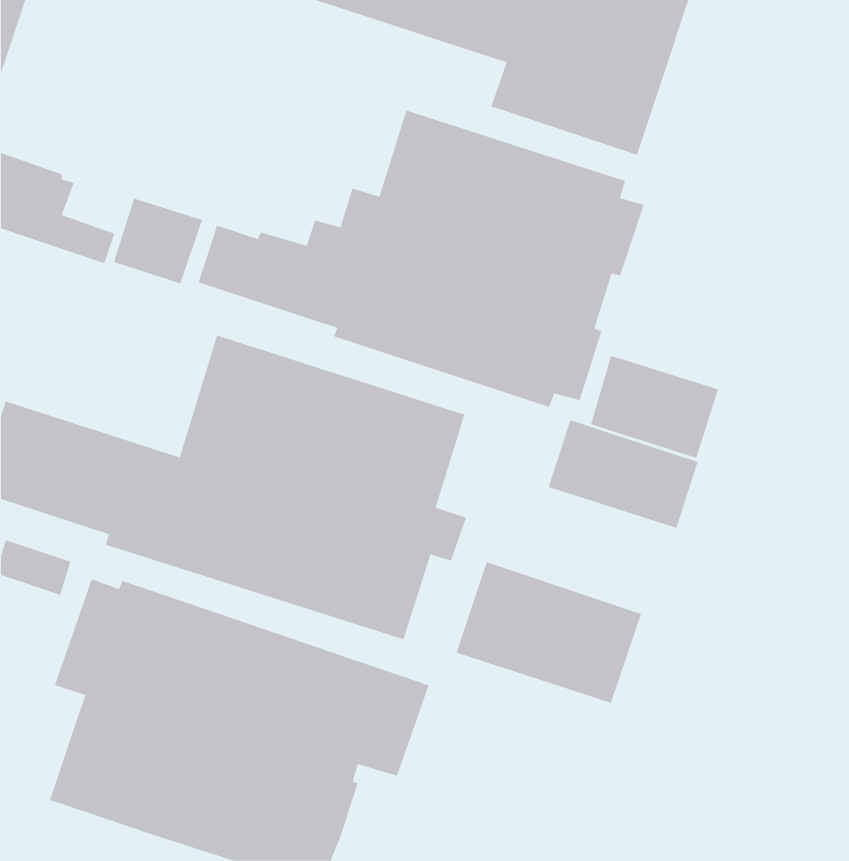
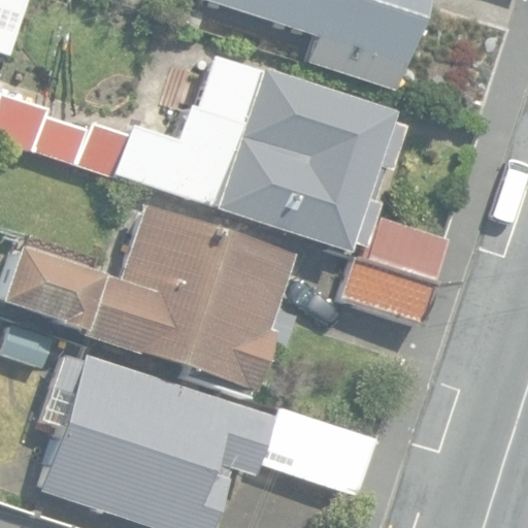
building: [456,561,642,704] -> [262,406,375,493]

